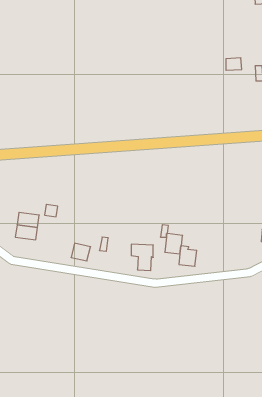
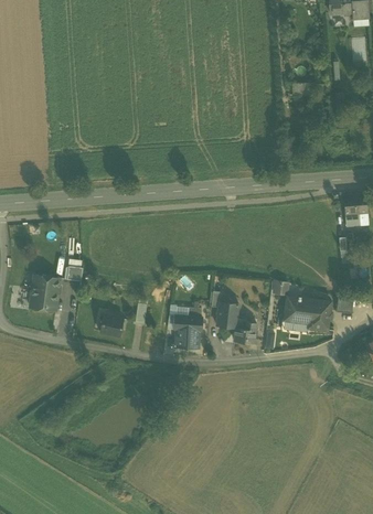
building: none -> [284,296,331,330]

